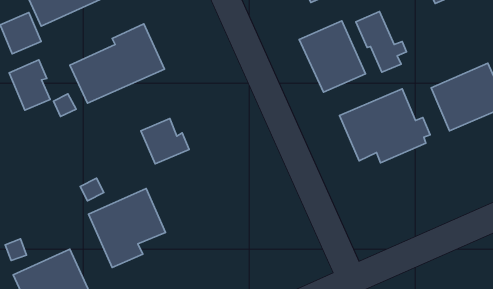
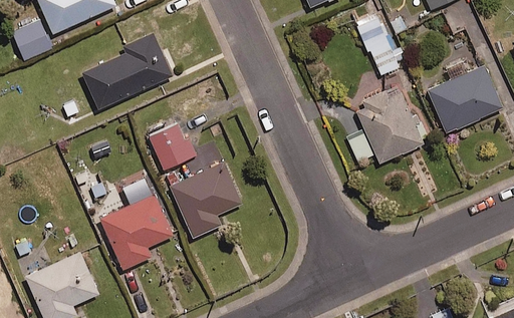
building: [299,21,365,92] -> none
building: [9,60,50,110] -> none
building: none -> [167,160,240,237]

